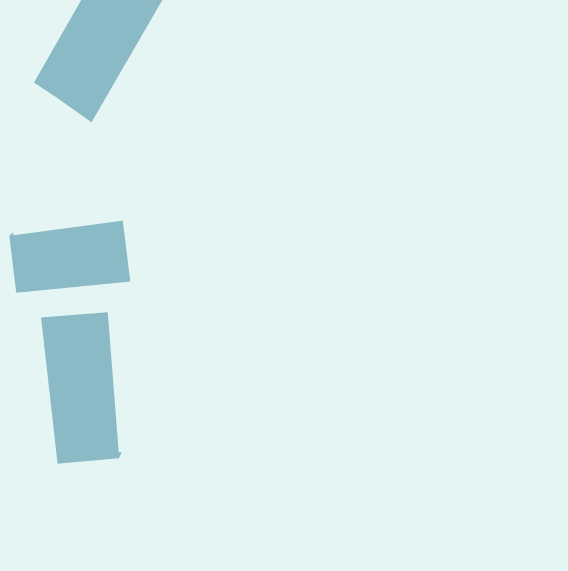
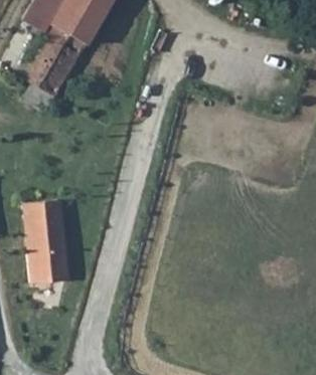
building: [9,220,131,294] -> none

